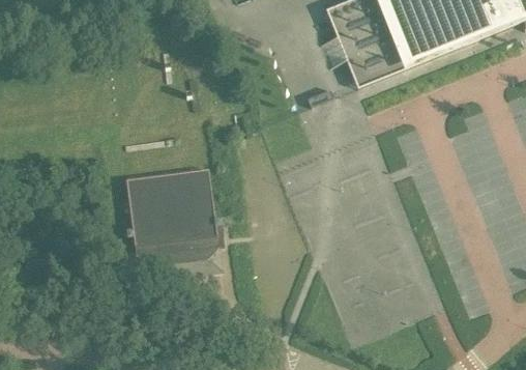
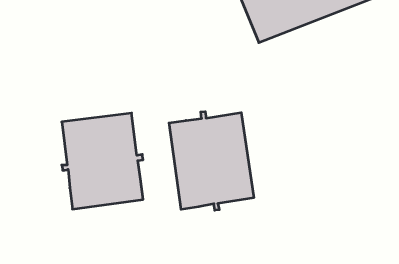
building: none -> [169,112,254,210]

